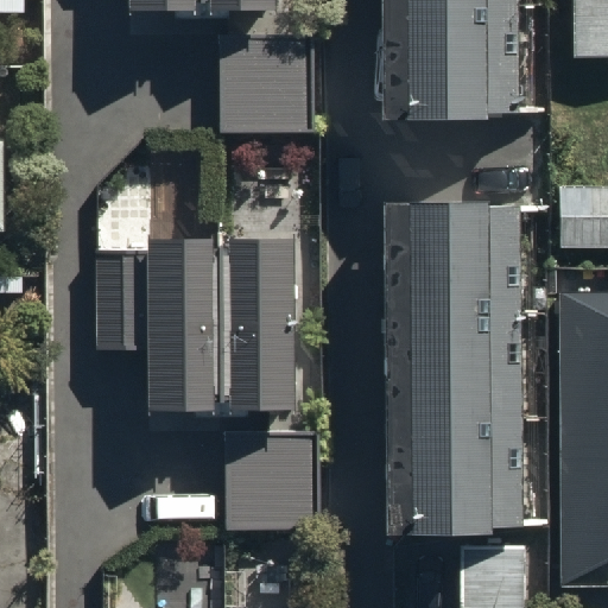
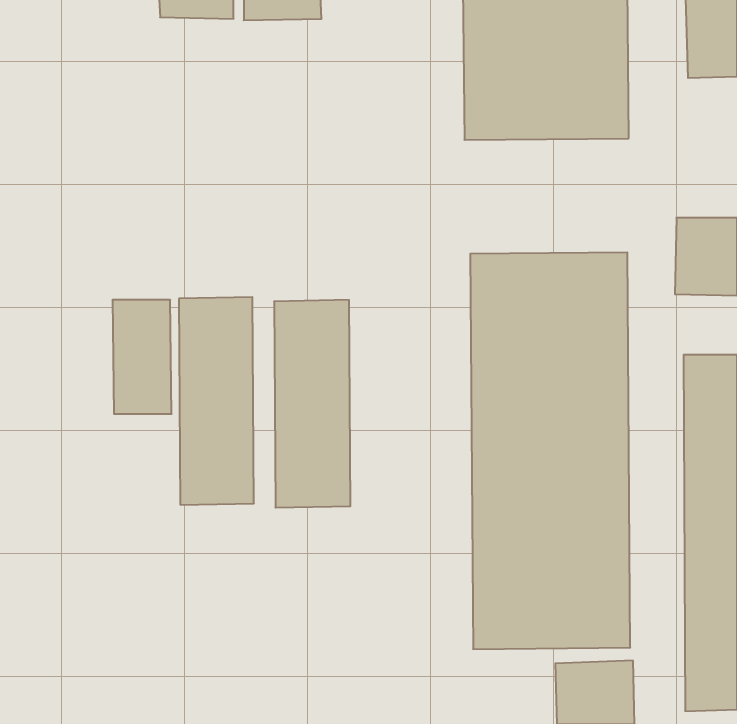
building: [216,38,306,133] -> none
building: [224,431,316,526] -> none

